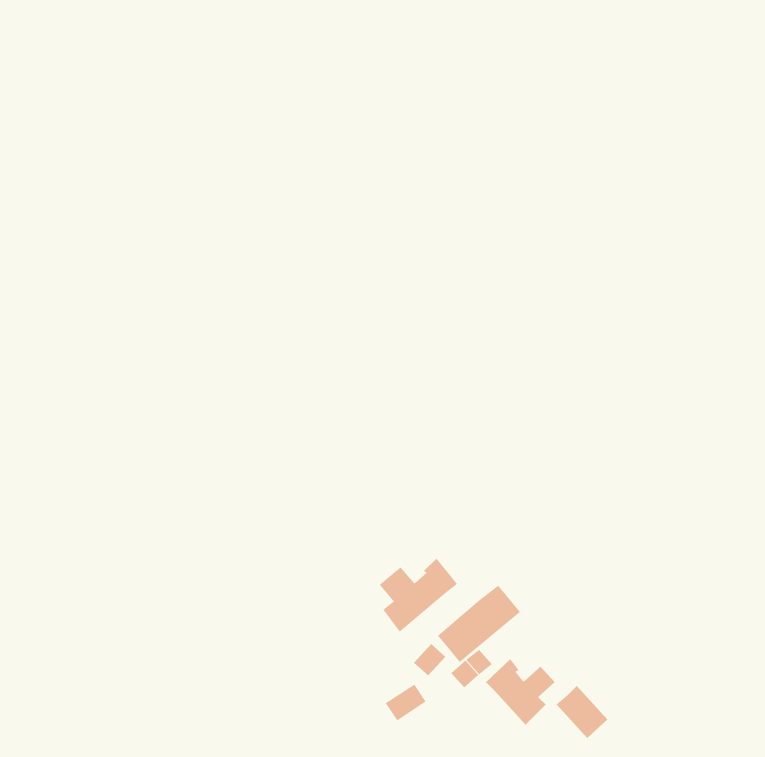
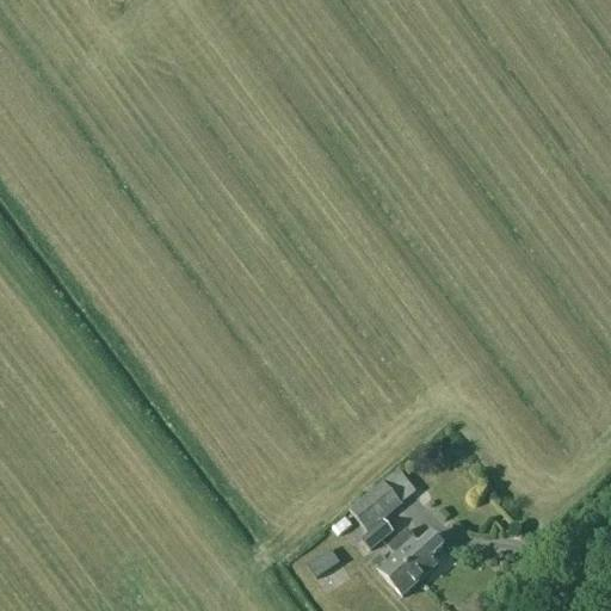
building: [379,558,458,632] -> none
building: [556,685,608,739] -> [377,551,419,594]

